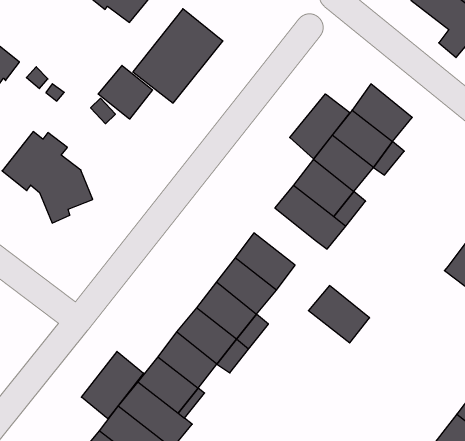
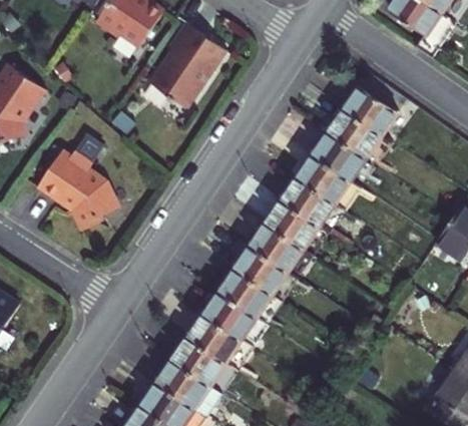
building: [98,65,152,119] -> none
building: [290,94,350,159] -> none
building: [308,286,370,343] -> [262,200,316,250]
building: [81,351,144,419] -> none

